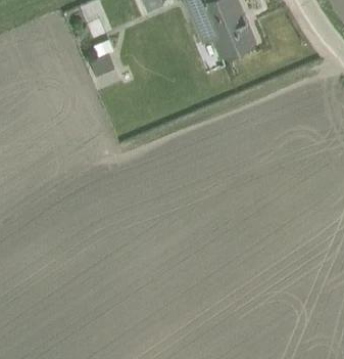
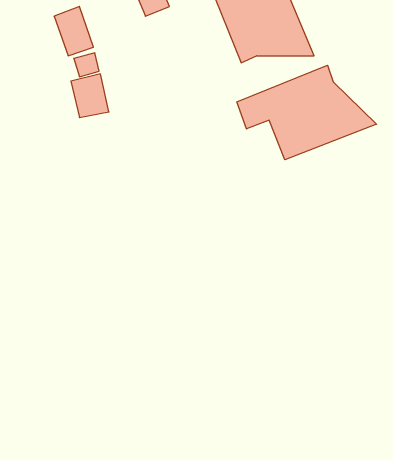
building: none -> [237,65,377,160]

